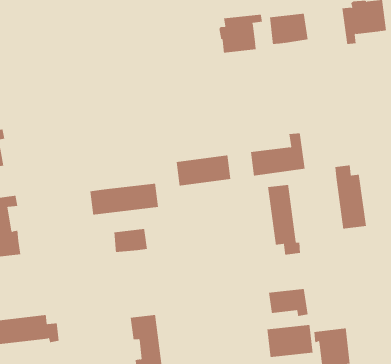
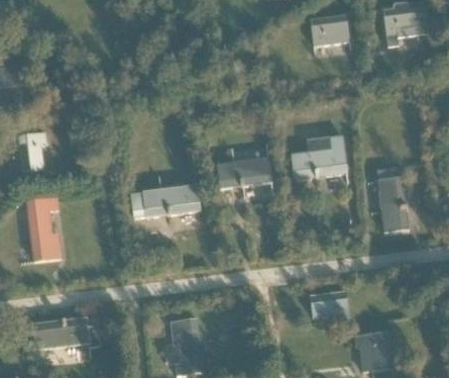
building: [219,14,262,54] -> none
building: [268,184,301,256] -> none
building: [114,228,147,253] -> none
building: [267,324,313,358] -> none

